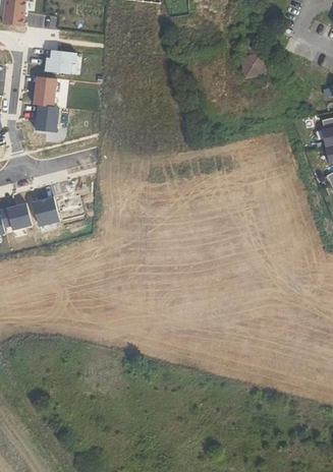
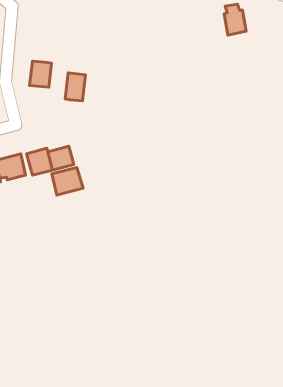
building: [42,49,74,73] -> none
building: [33,76,54,106] -> [65,73,85,101]
building: none -> [52,167,83,195]

